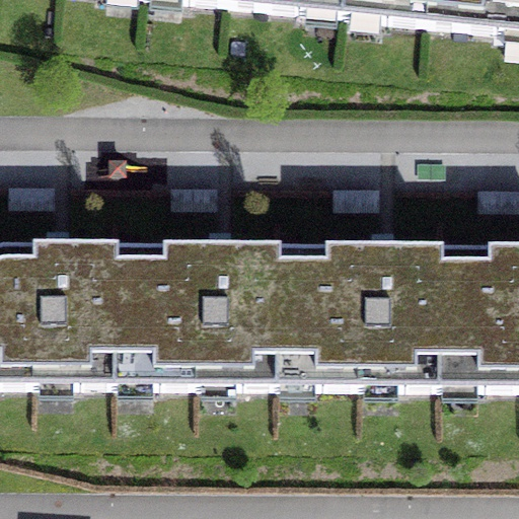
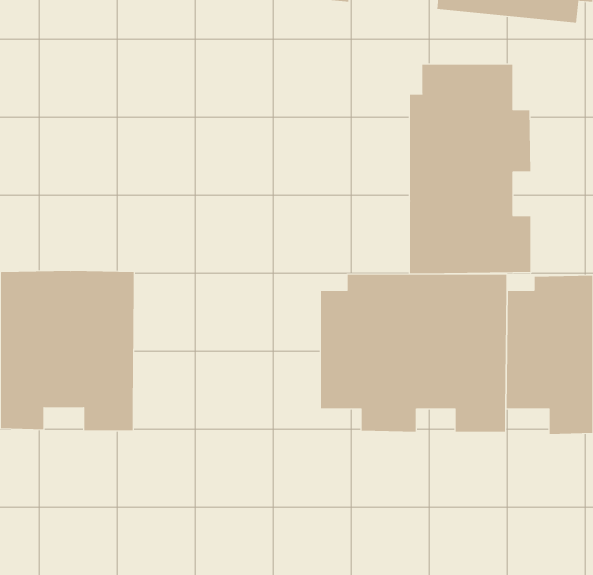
building: none -> [410,64,531,274]
building: [117,238,280,376] -> none

